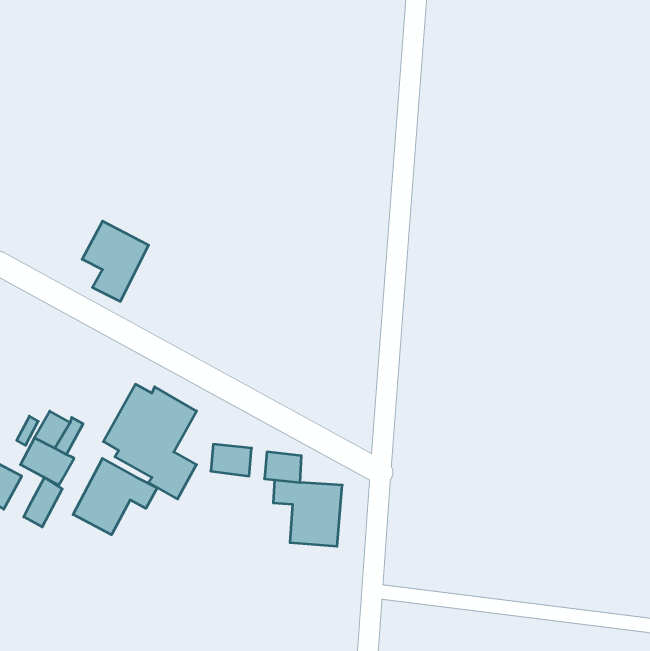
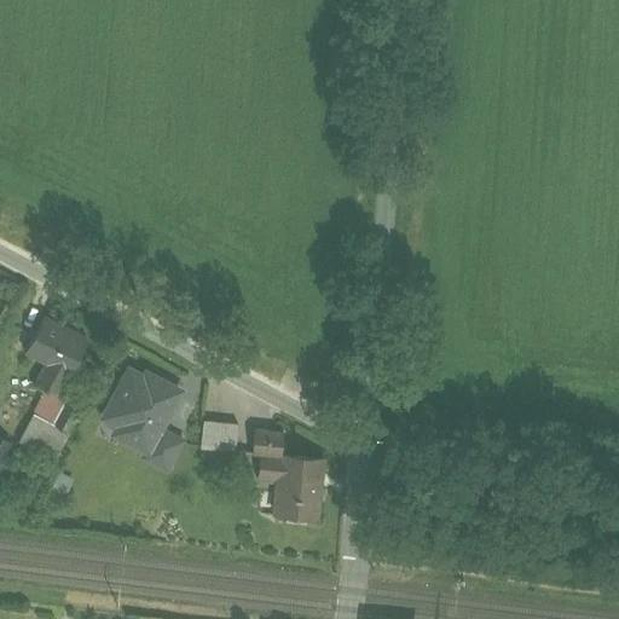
building: [82,221,149,301] -> [27,318,89,394]
building: [73,458,157,535] -> none
building: [24,477,62,527] -> none

